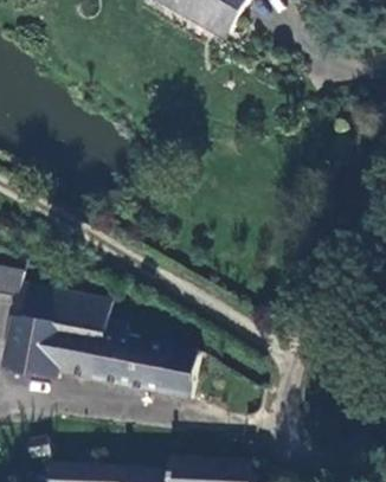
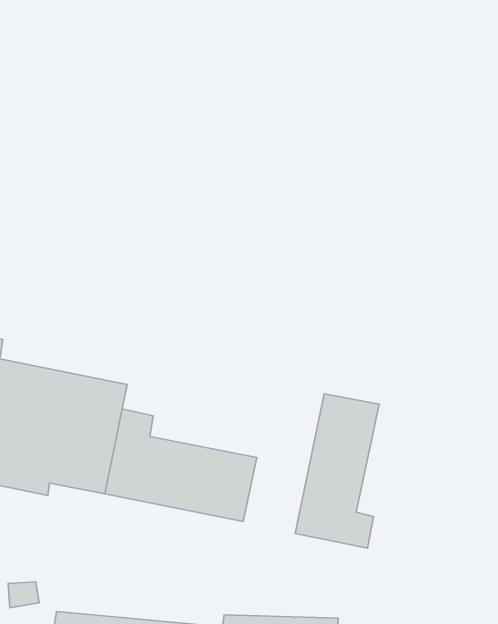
building: none -> [295,394,379,548]

